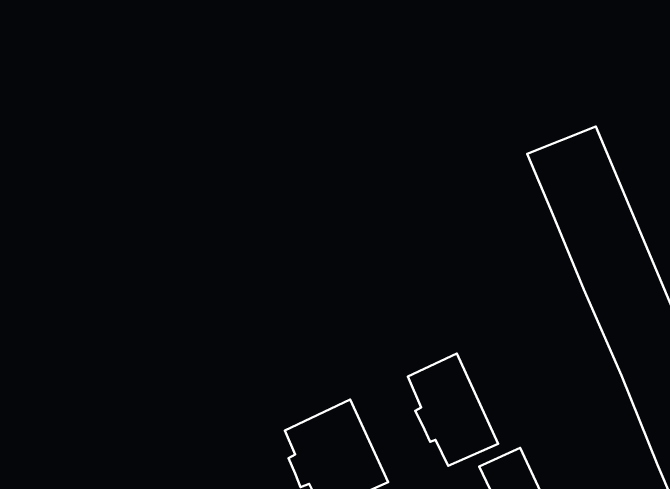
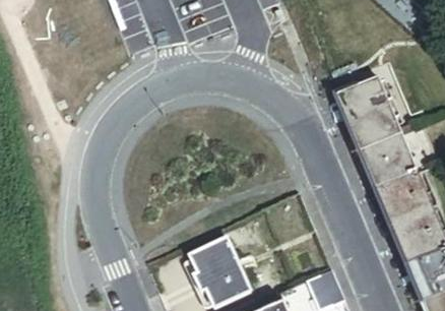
building: [408,353,498,466] -> none

